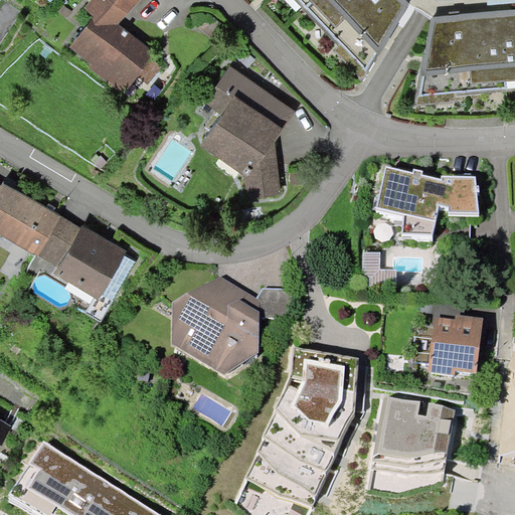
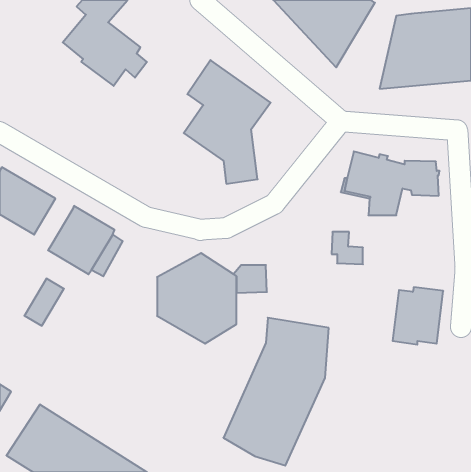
building: [36,216,79,268] -> [24,279,64,326]
building: [367,396,455,494] -> none

